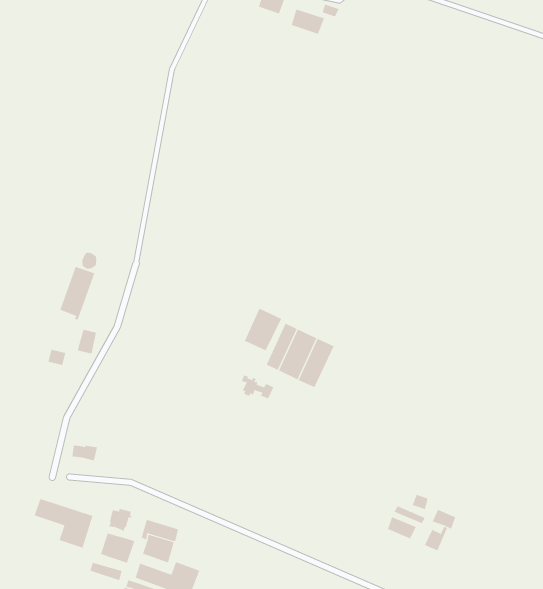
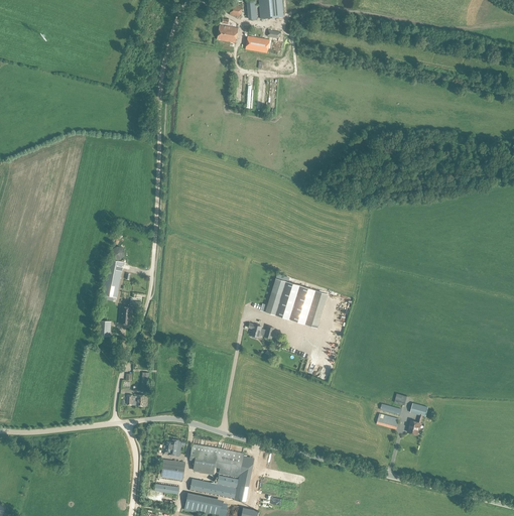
building: [244,308,282,351] -> none
building: [34,498,93,549] -> none
building: none -> [215,447,244,477]

